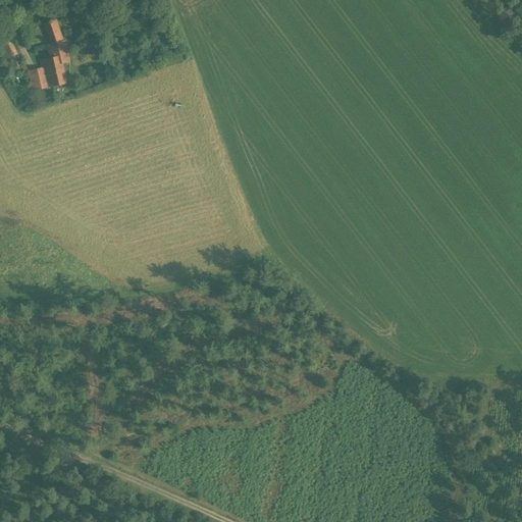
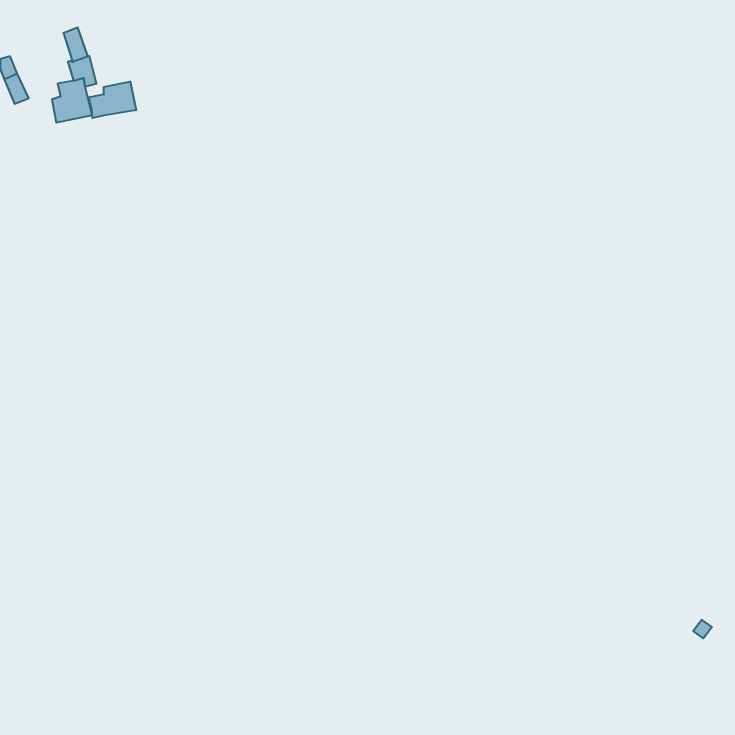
building: none -> [89,81,136,118]

